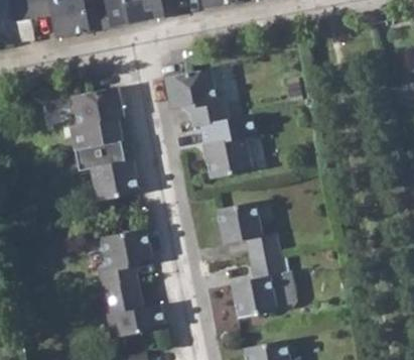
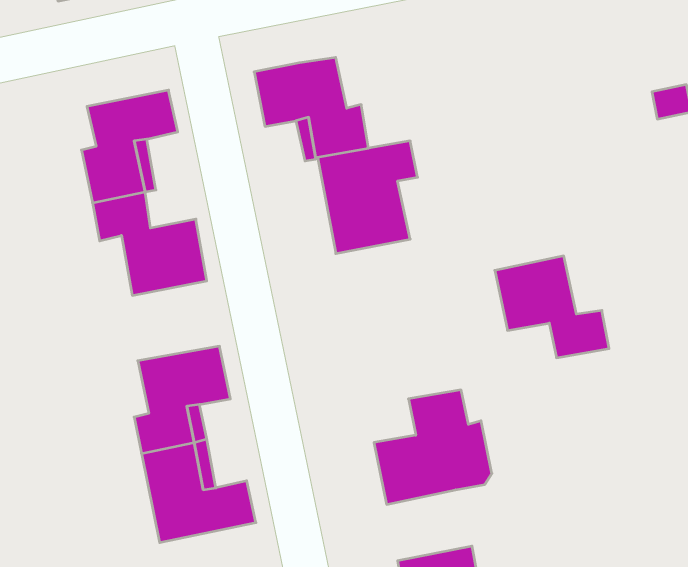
building: [217,202,280,258] -> [495,256,609,358]

